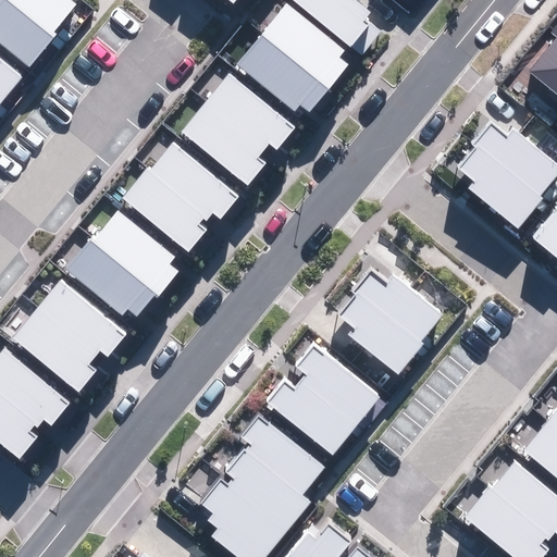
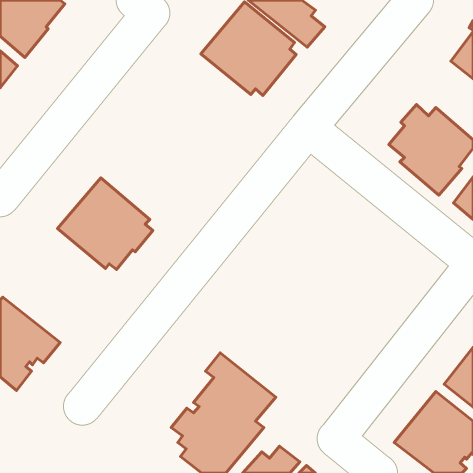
building: [183,73,296,185] -> none
building: [122,140,240,250] -> none
building: [338,268,442,375] -> none
building: [13,281,127,392] -> none
building: [267,343,381,455] -> none

